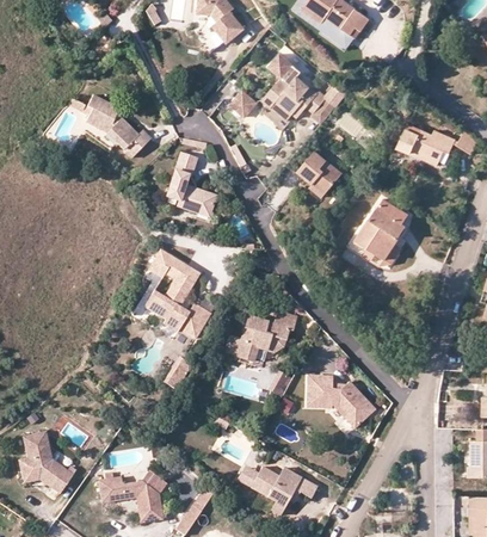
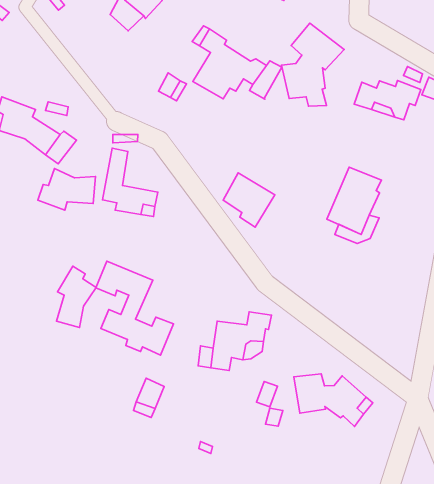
building: none -> [281,23,344,106]
building: [297,147,343,196] -> [223,173,275,227]
building: none -> [38,169,95,210]
building: none -> [57,266,96,327]

